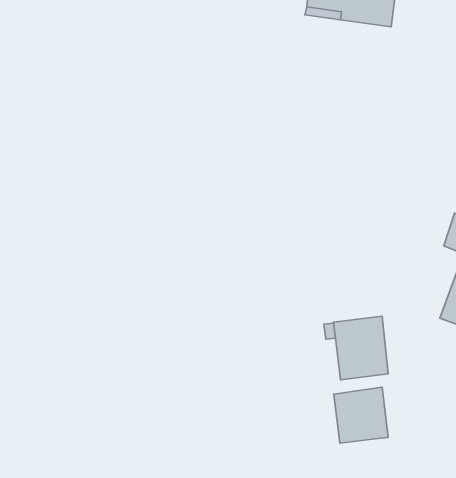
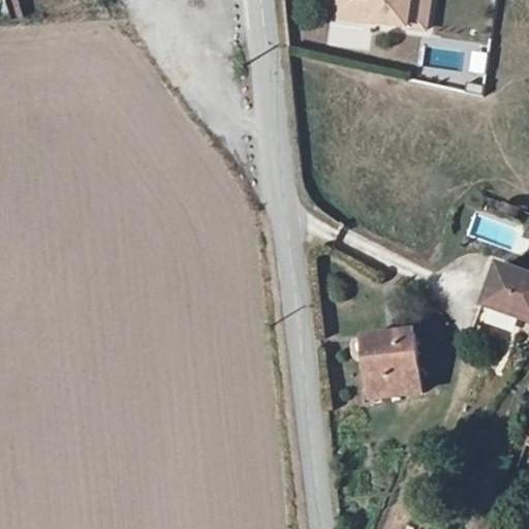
building: [334,387,388,443] -> none

